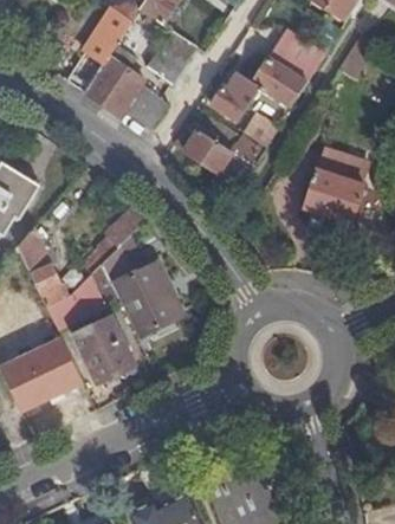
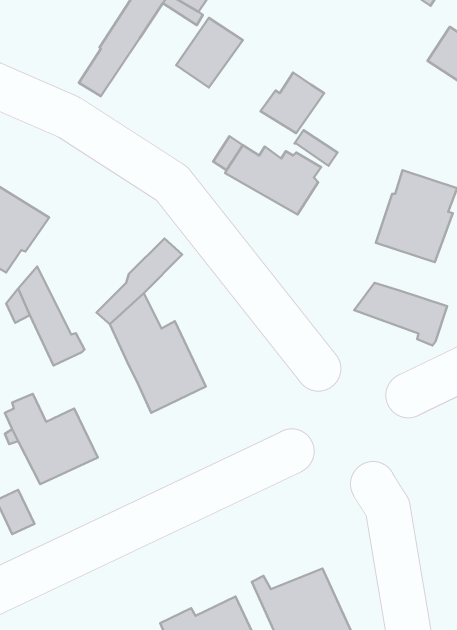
building: [252,30,325,106] -> none
building: [84,45,168,128] -> none
building: none -> [354,283,447,345]
building: [46,273,106,329] -> none
building: [75,318,135,383] -> none

